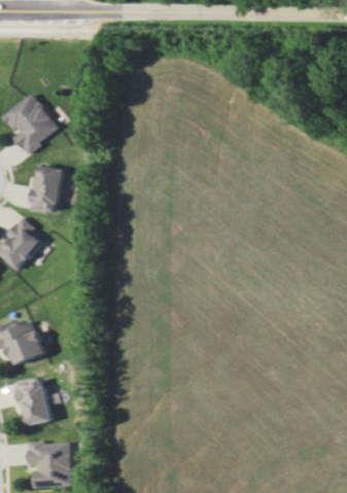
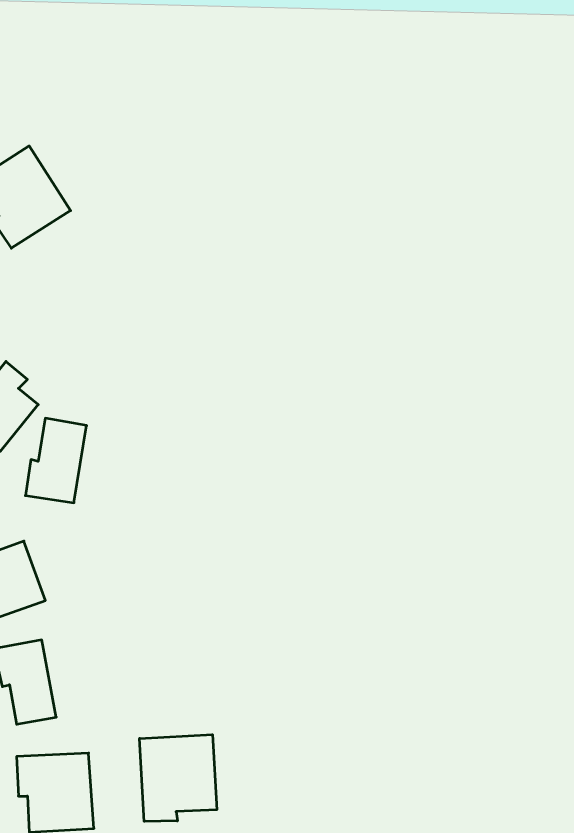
building: [27,165,62,213] -> [25,418,87,503]
building: none -> [140,735,217,821]

